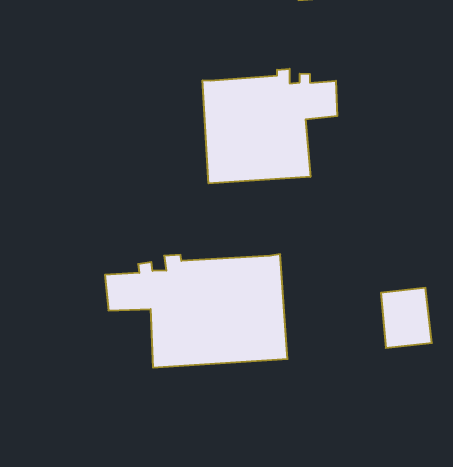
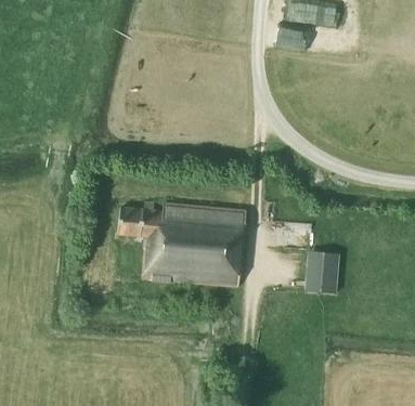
building: [203,69,337,183] -> none

